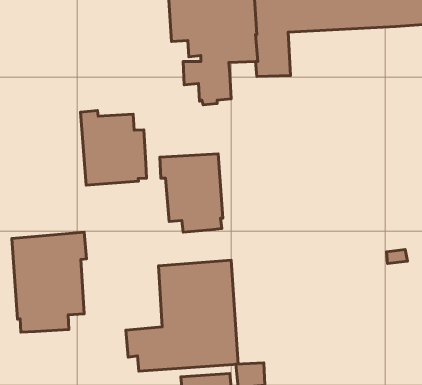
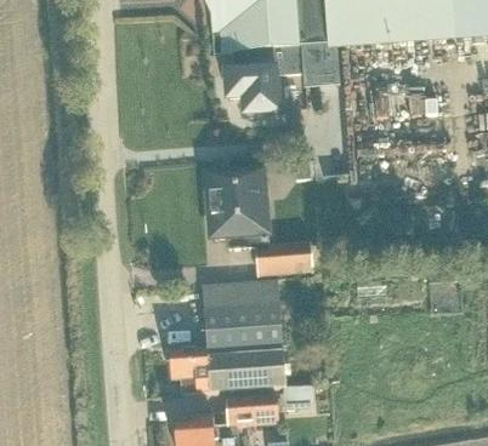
building: [80,110,147,185] -> none
building: none -> [255,240,311,274]
building: [12,232,87,332] -> none

